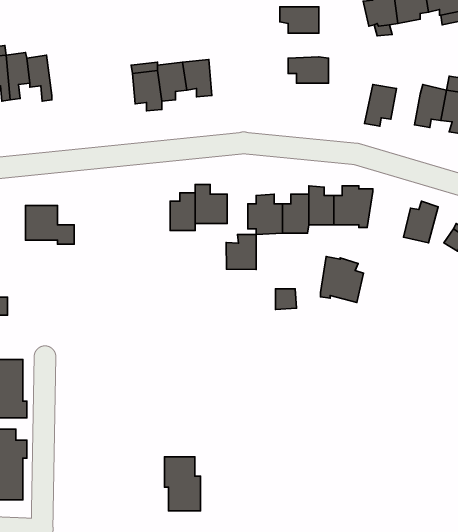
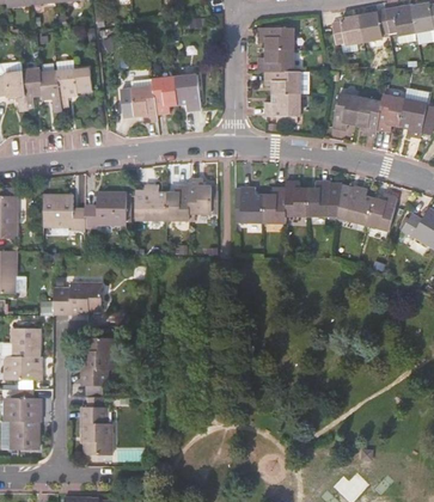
building: none -> [258,49,292,71]
building: none -> [57,67,85,103]
building: none -> [265,92,300,121]
building: none -> [354,97,379,134]
building: none -> [132,186,164,219]
building: none -> [81,194,123,227]
building: [226,234,256,270] -> none
building: [321,257,364,302] -> [334,185,371,225]
building: none -> [51,284,99,314]
building: none -> [80,338,110,386]
building: [164,457,201,511] -> [80,408,111,454]

